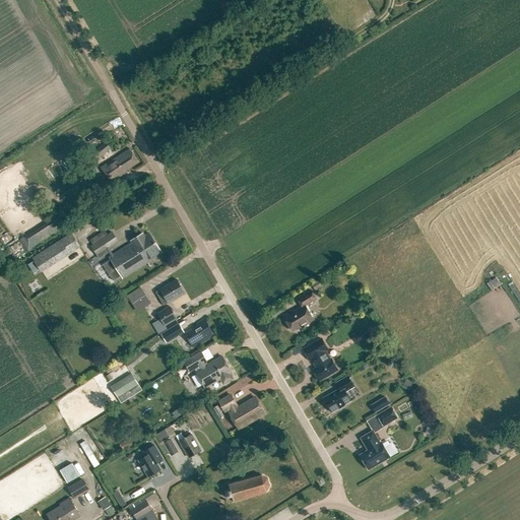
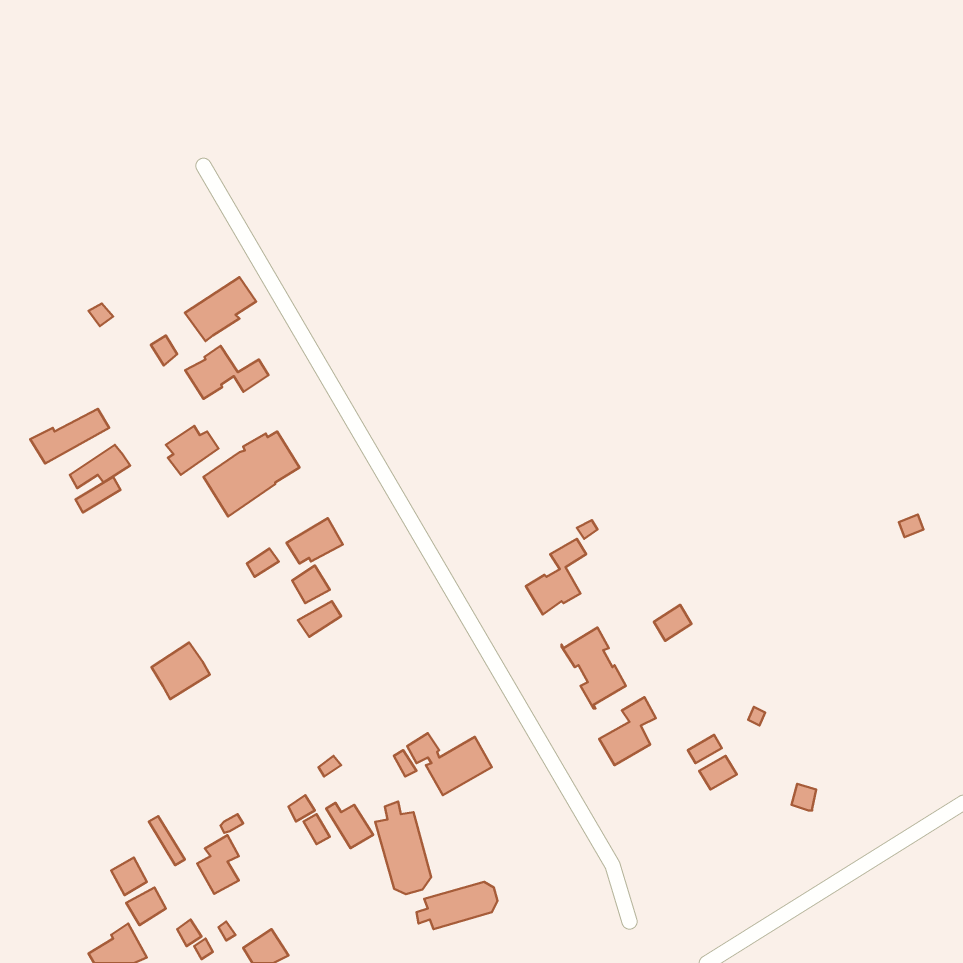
building: none -> [185,346,269,399]
building: [185,319,214,346] -> none
building: [183,352,233,388] -> none
building: [111,373,142,403] -> [151,643,210,699]
building: [360,431,390,469] -> none
building: none -> [375,801,431,894]
building: [138,445,160,476] -> [197,835,239,894]

